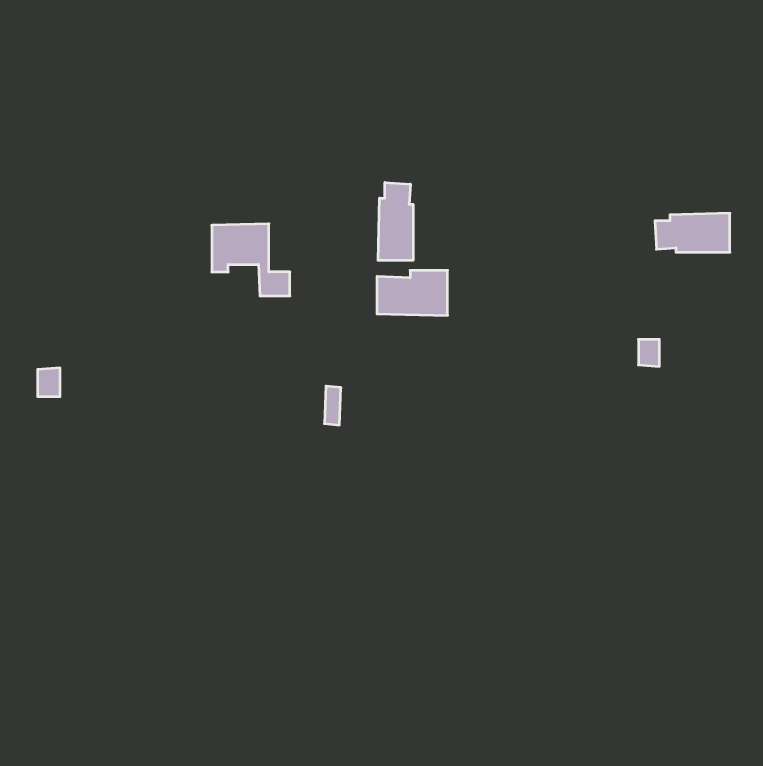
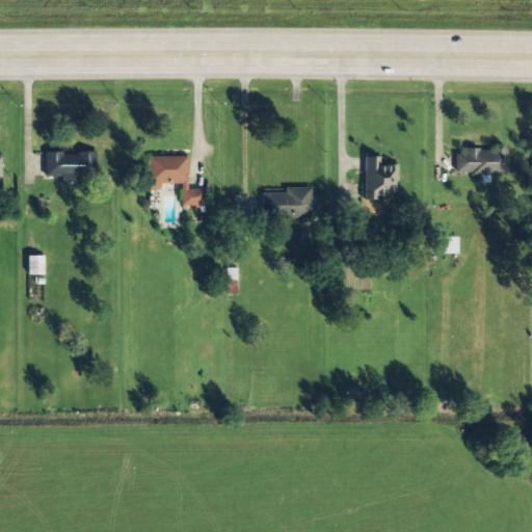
building: [378,182,413,260] -> none
building: none -> [47,152,98,184]
building: none -> [365,156,399,196]

